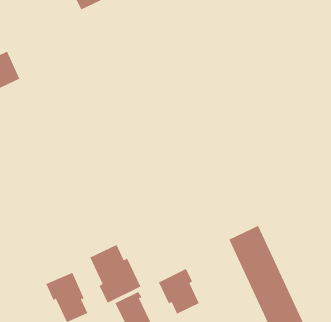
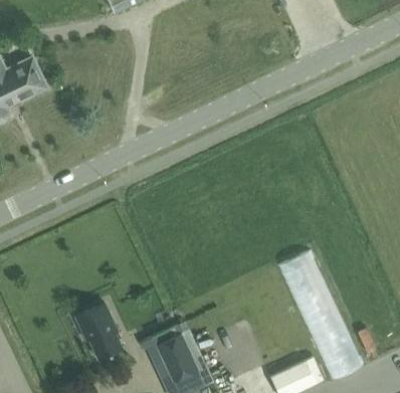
building: [89,244,141,304] -> none
building: [158,268,200,314] -> none

